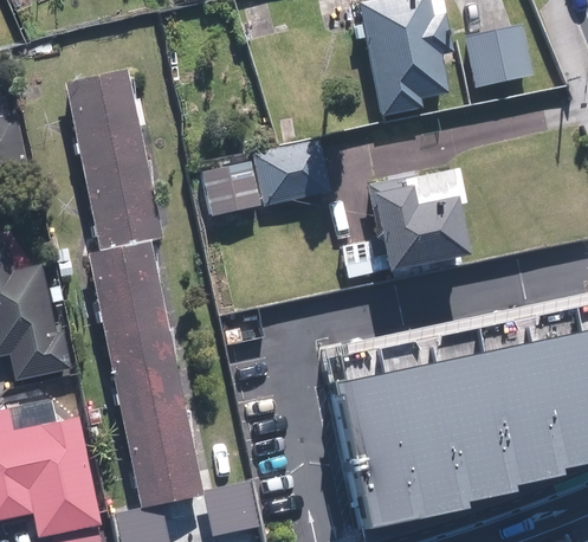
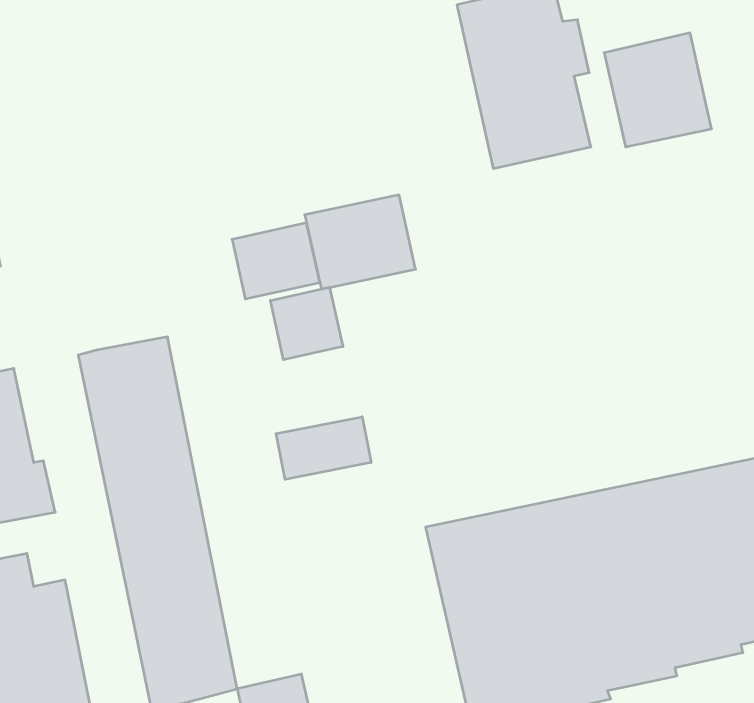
building: [67,72,164,253] -> none
building: [368,166,471,270] -> none
building: none -> [270,287,343,360]
building: none -> [276,417,371,479]

